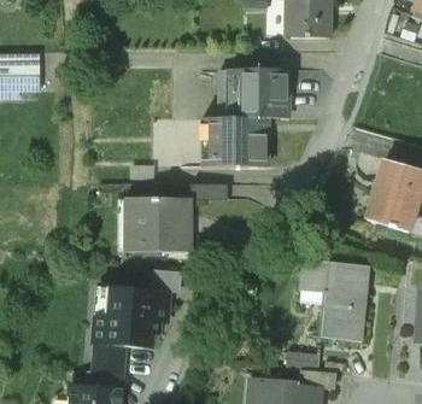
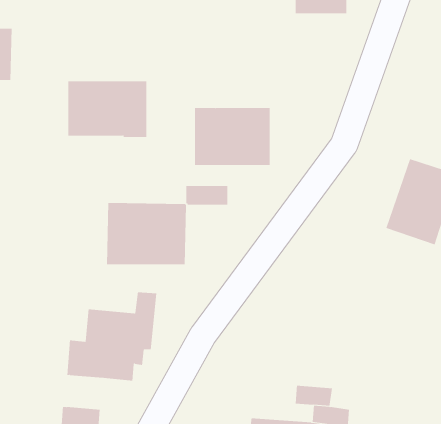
building: [219,69,287,117] -> [68,81,147,138]
building: [300,260,368,341] -> none
building: [93,344,124,373] -> none

